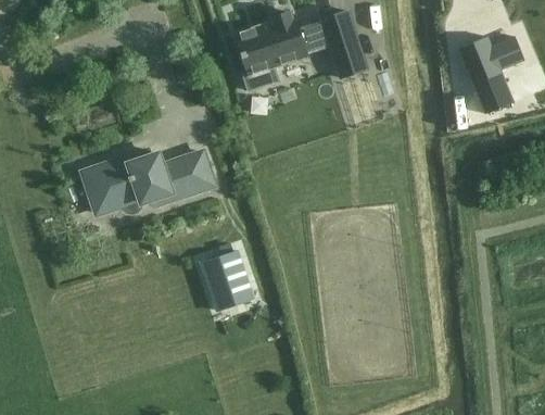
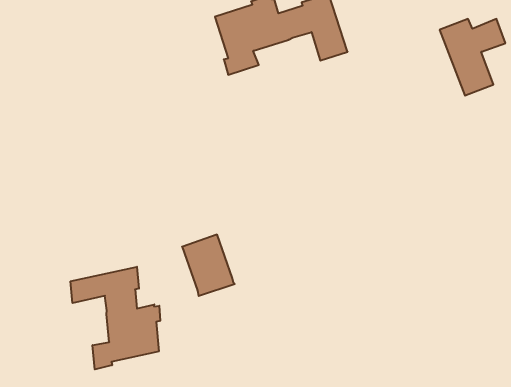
building: [85,150,216,212] -> none
building: none -> [71,267,160,369]

